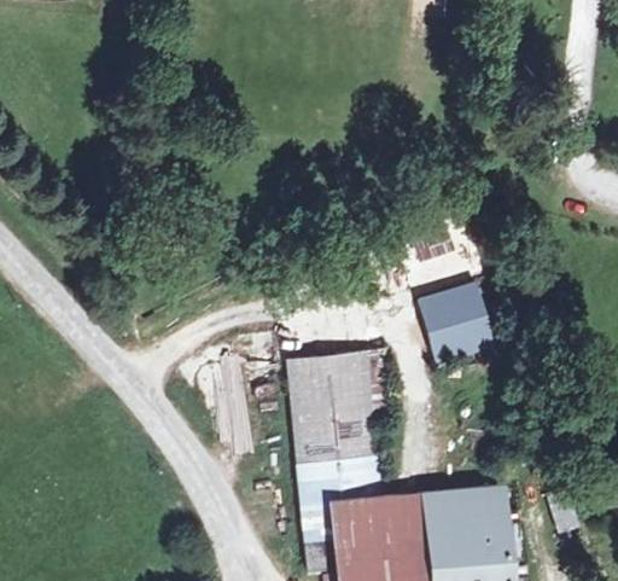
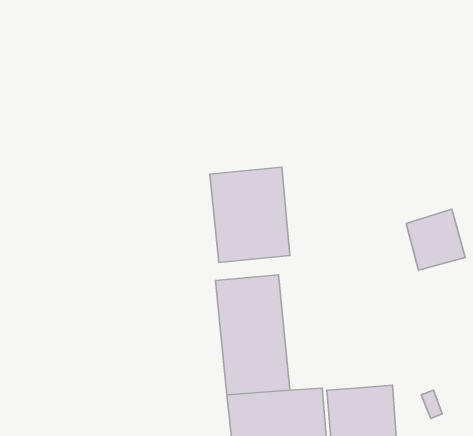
building: none -> [210,167,290,262]
building: [419,285,494,362] -> [406,209,465,270]

